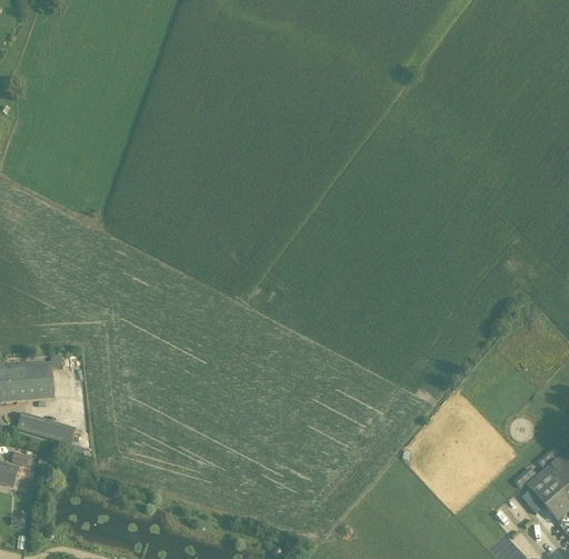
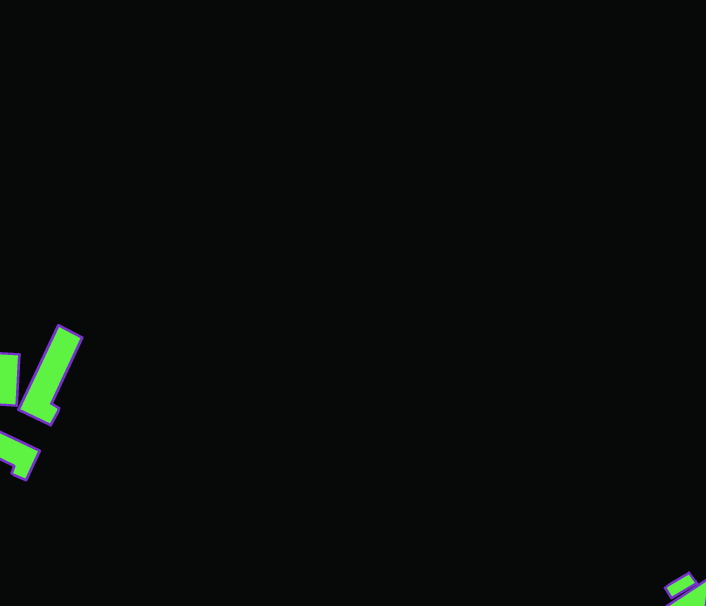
building: none -> [18,325,82,425]

